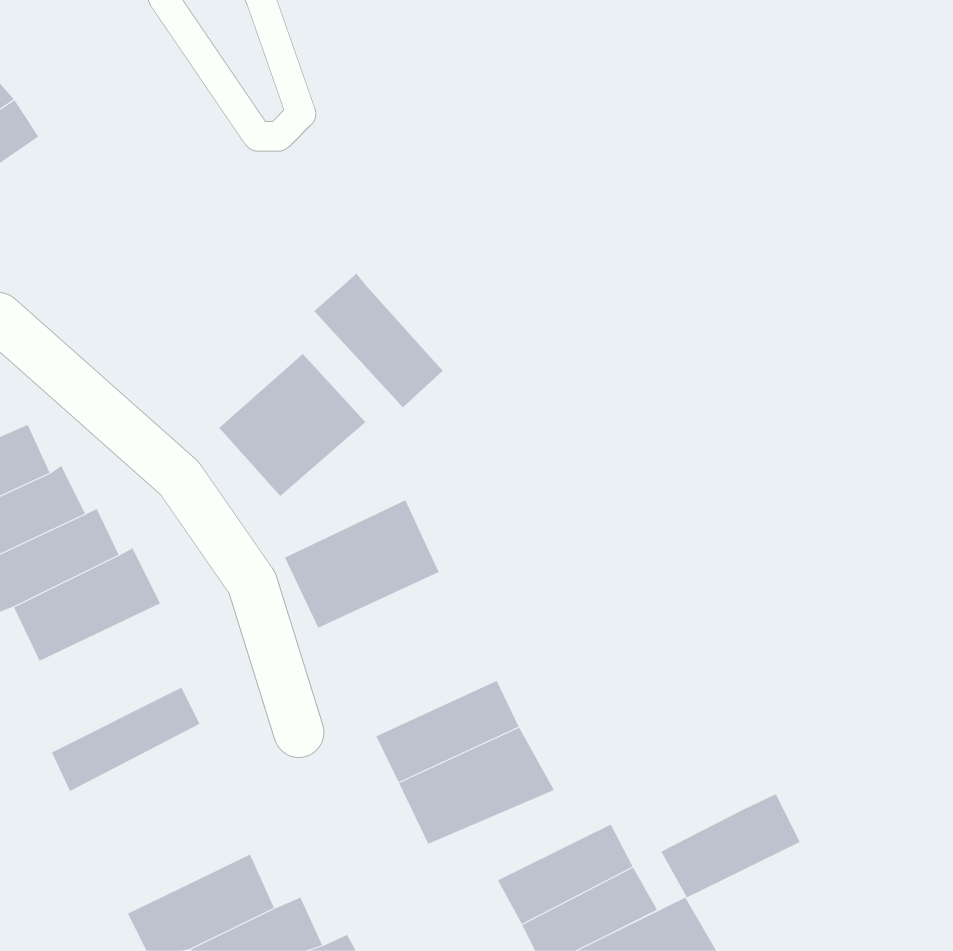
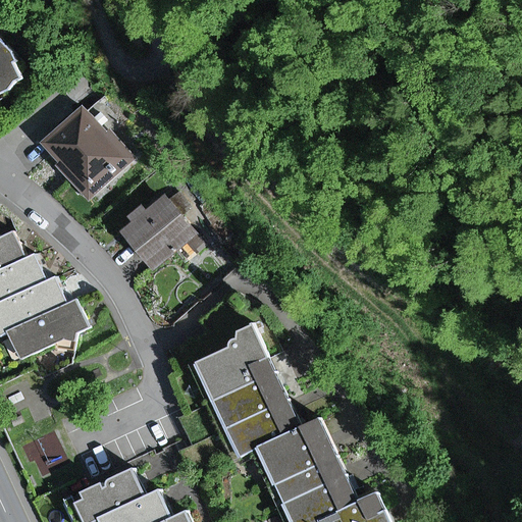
building: none -> [45,109,125,190]
building: [314,273,444,408] -> none
building: [284,499,439,628] -> [187,331,271,402]
building: [51,687,200,792] -> none
building: [660,793,801,898] -> [257,423,333,480]

